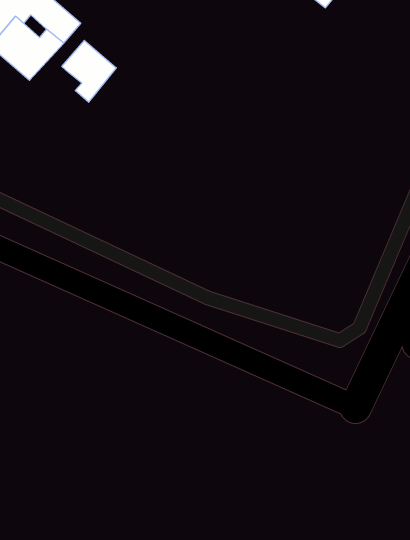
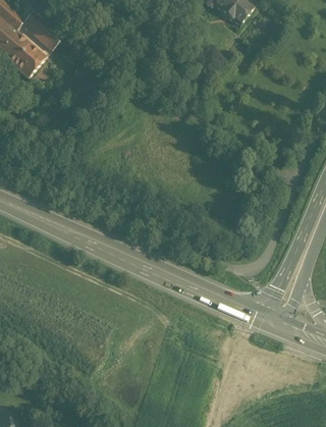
building: [62,40,116,102] -> none

